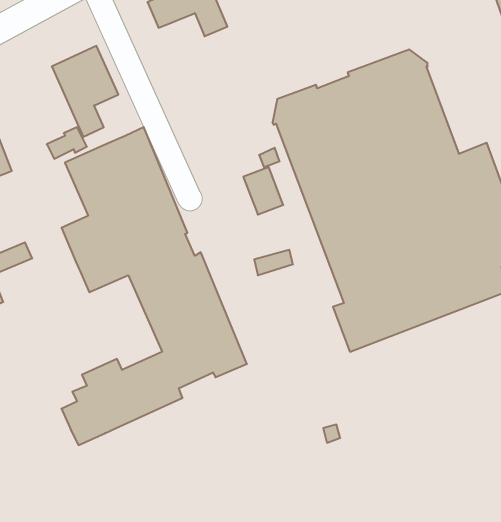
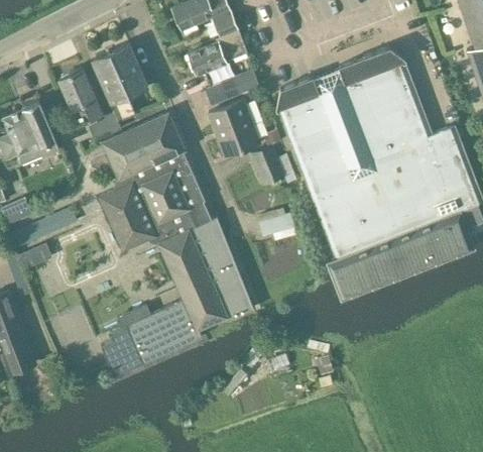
building: none -> [189,31,248,76]
building: none -> [58,69,103,118]
building: none -> [221,71,260,100]
building: none -> [208,100,260,157]

